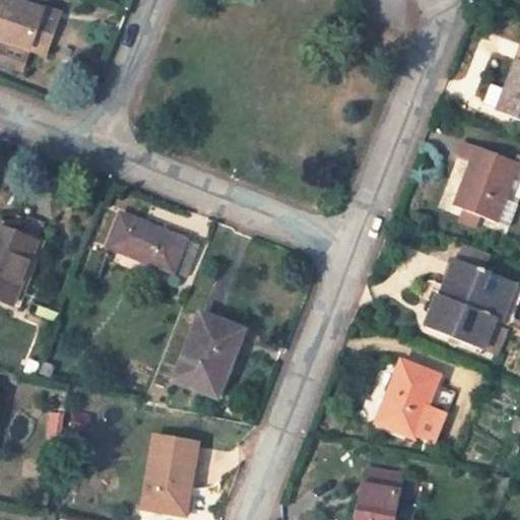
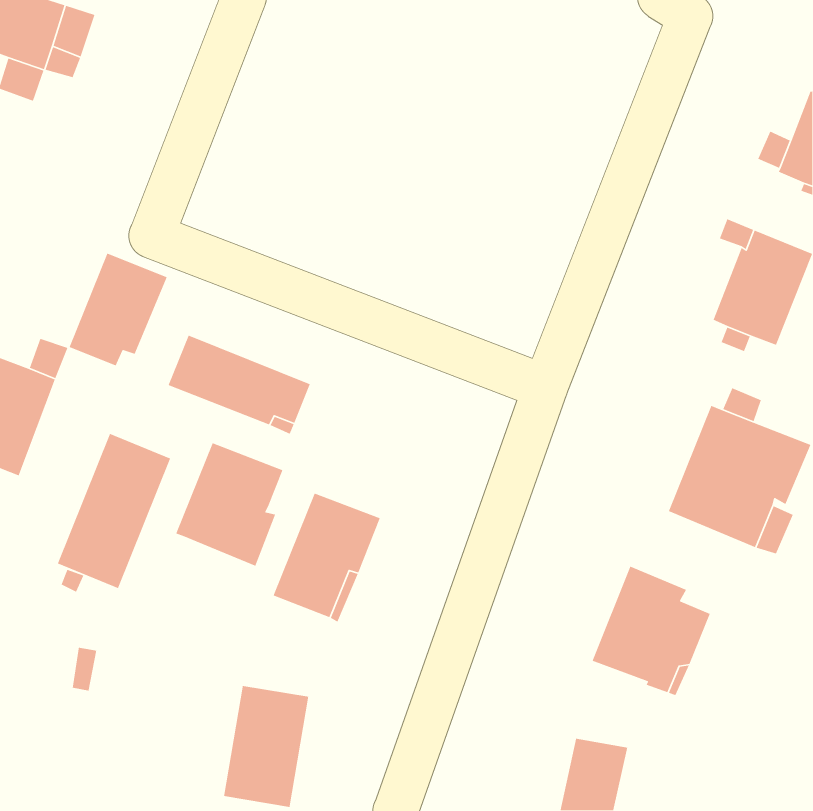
building: none -> [69,252,168,367]
building: none -> [57,433,171,589]
building: none -> [175,442,284,567]

